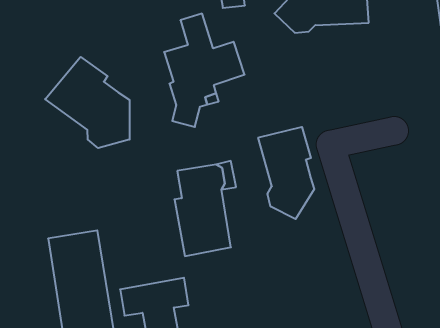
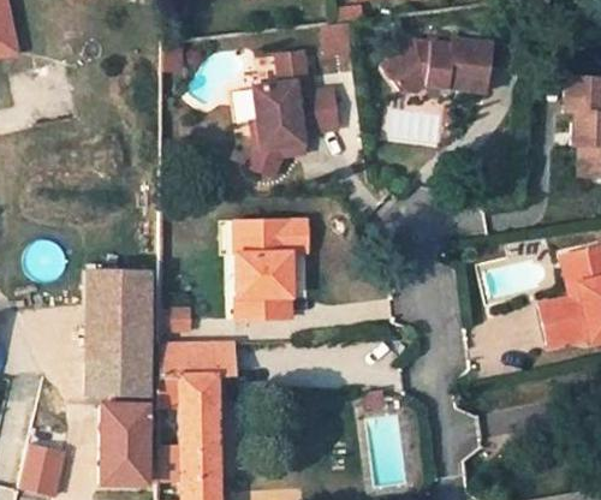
building: [45,57,130,148] -> none
building: [258,127,314,219] -> none

